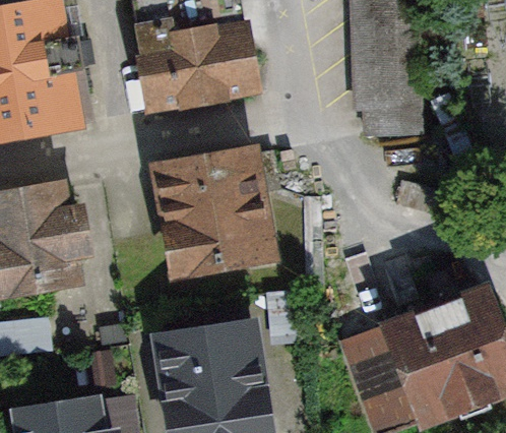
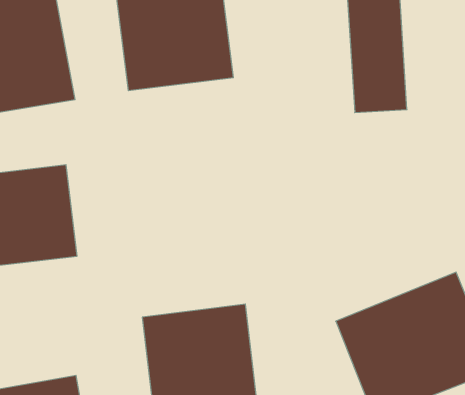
building: [138,157,265,281] -> none

